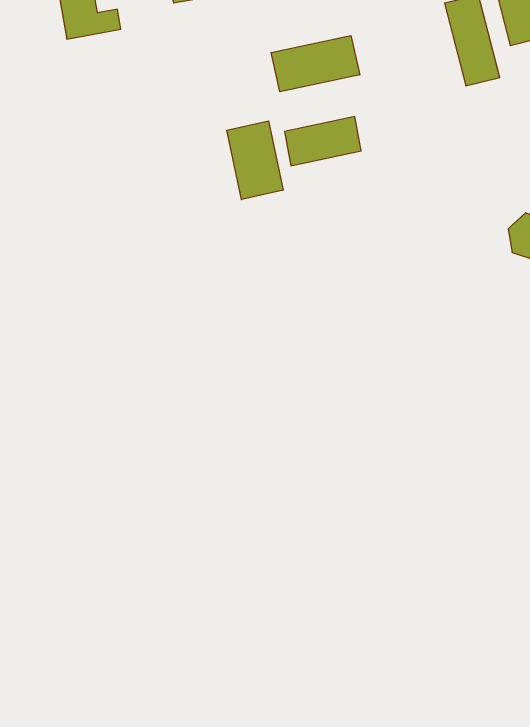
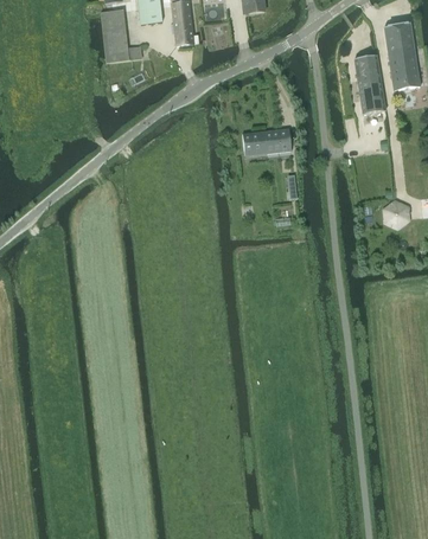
building: [271,36,360,92] -> none
building: [227,121,283,200] -> none

